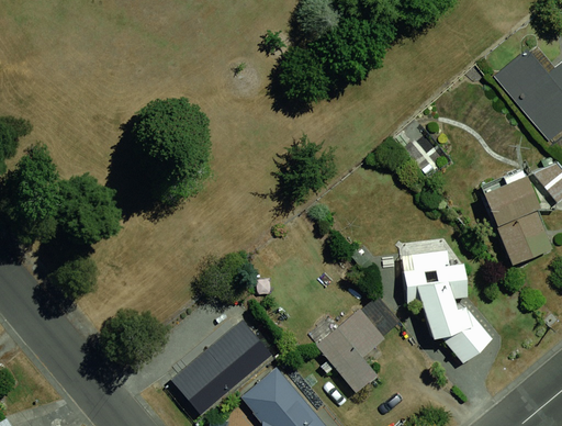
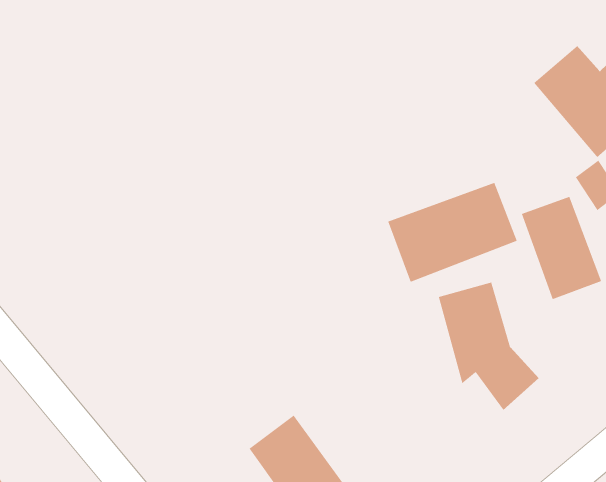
building: none -> [387,182,518,283]
building: [314,305,384,392] -> none
building: [170,322,271,416] -> none

